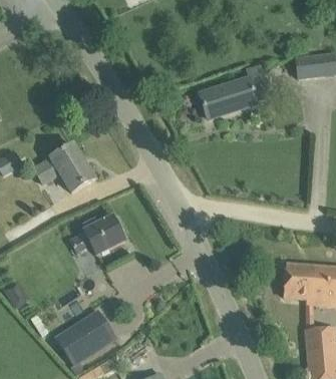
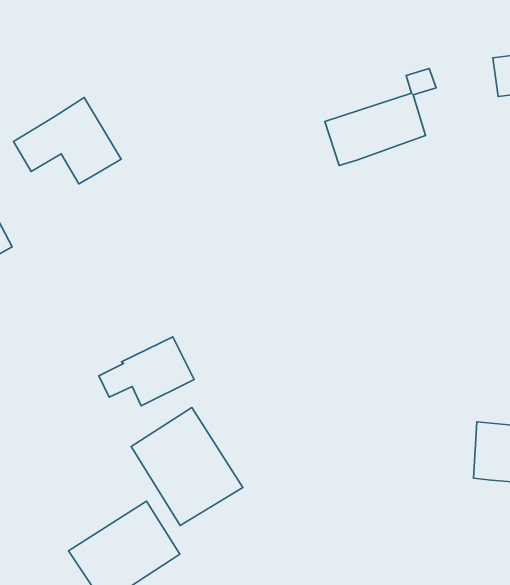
building: [33,143,94,193] -> [13,97,121,184]
building: none -> [131,407,243,526]

